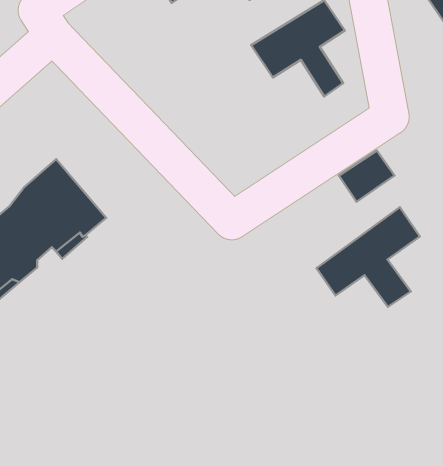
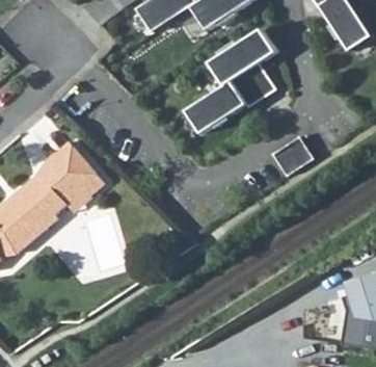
building: none -> [185,72,260,132]
building: [317,207,420,307] -> none

